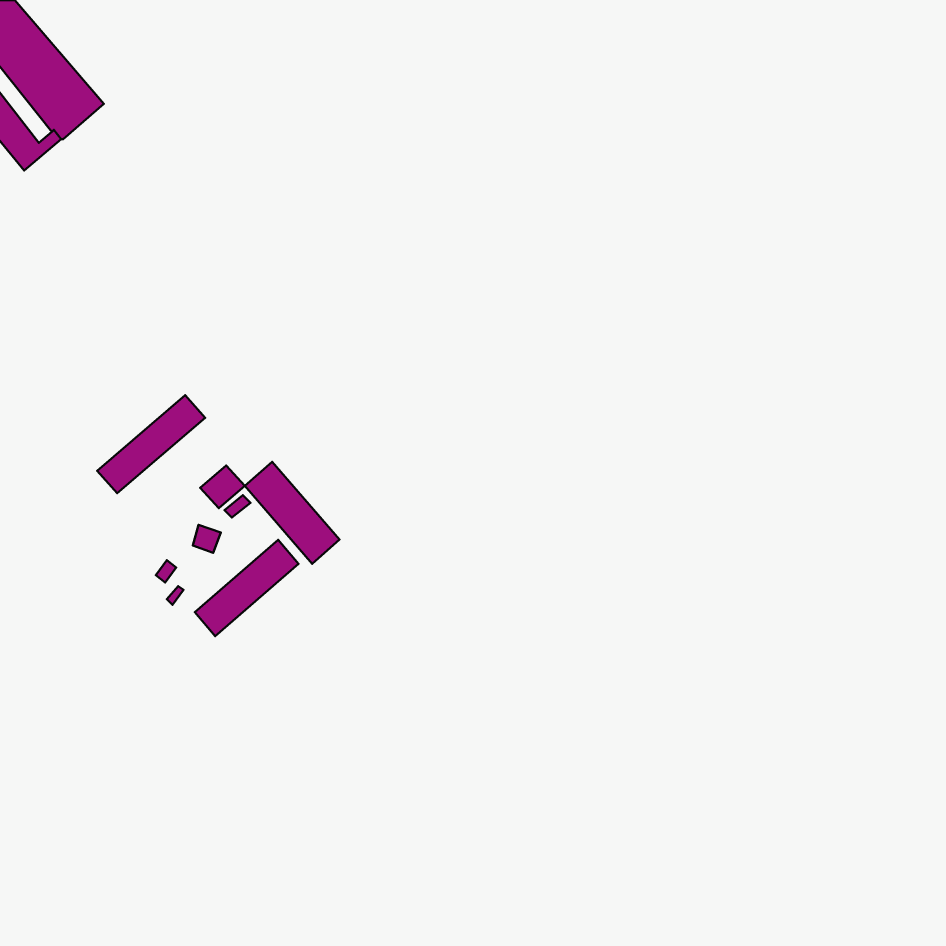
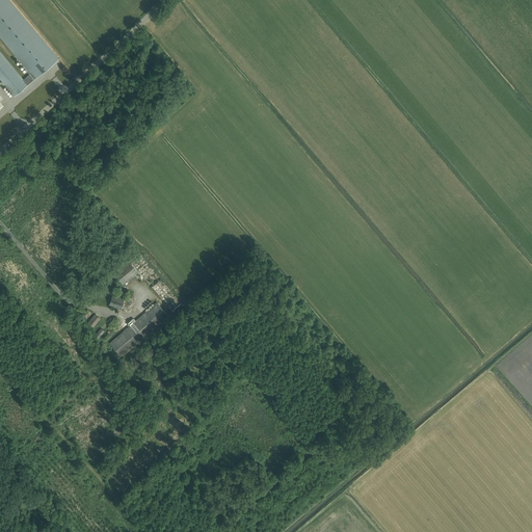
building: [97,395,205,493] -> none
building: [245,462,339,564] -> none

